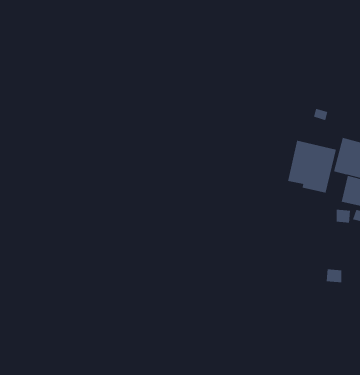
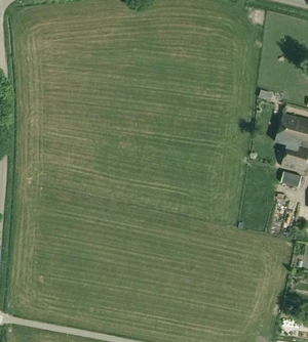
building: [287,140,336,194] -> none

